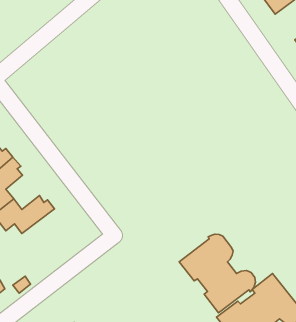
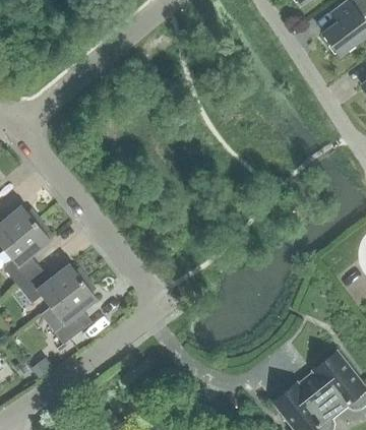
building: none -> [40,278,97,344]
building: [179,234,255,313] -> none

